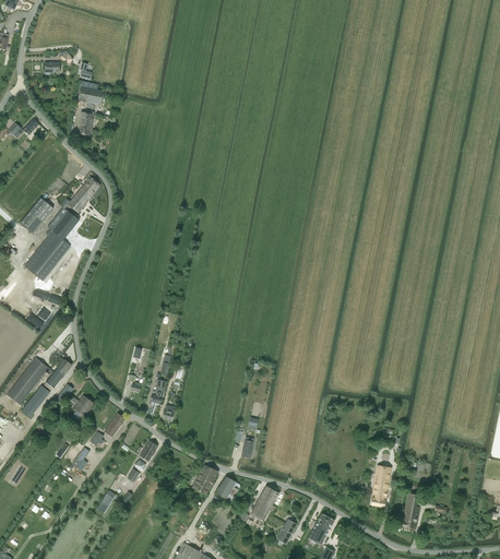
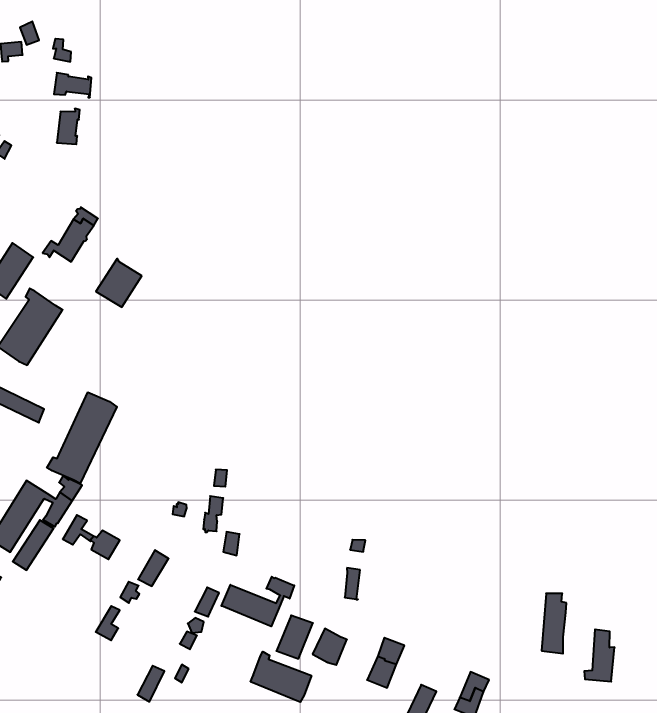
building: [47,206,79,239] -> [96,259,142,307]
building: none -> [47,392,117,483]
building: none -> [221,577,294,626]
building: none -> [251,652,311,702]

